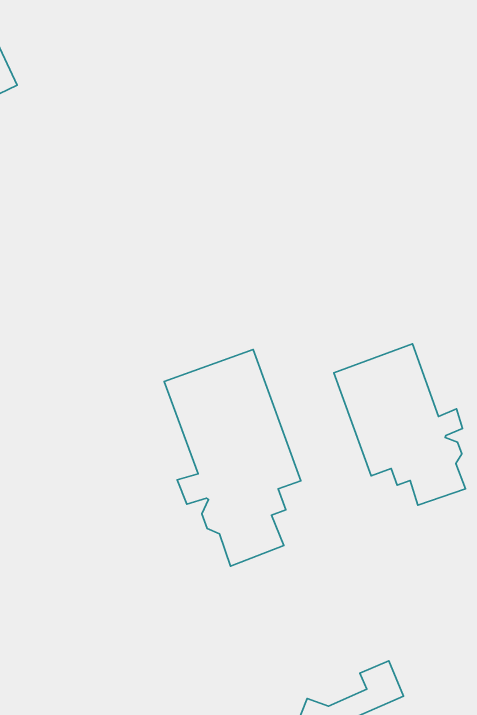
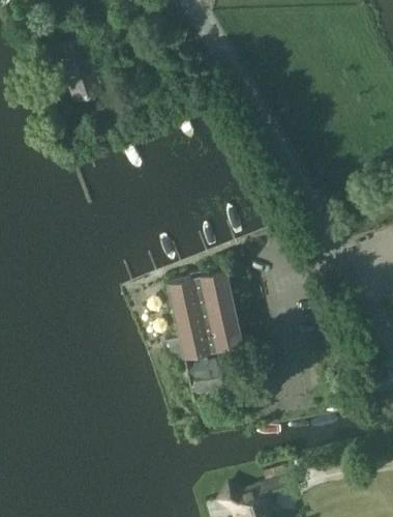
building: [334,344,466,505] -> none

